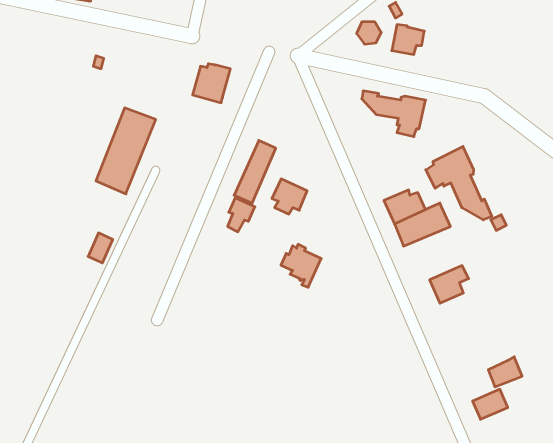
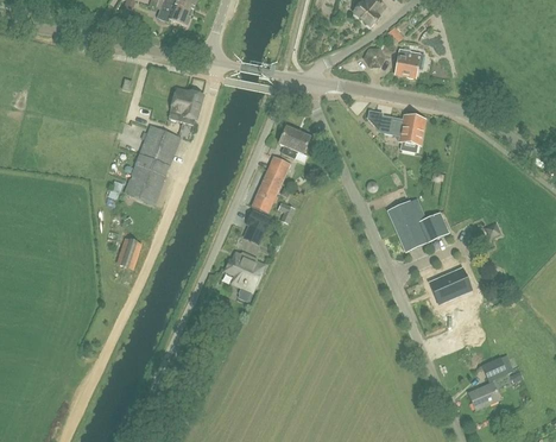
building: [193,64,230,103] -> [168,87,202,122]
building: [426,146,492,220] -> none
building: [272,179,307,214] -> [278,125,310,157]
building: [281,244,321,287] -> [226,251,263,290]

